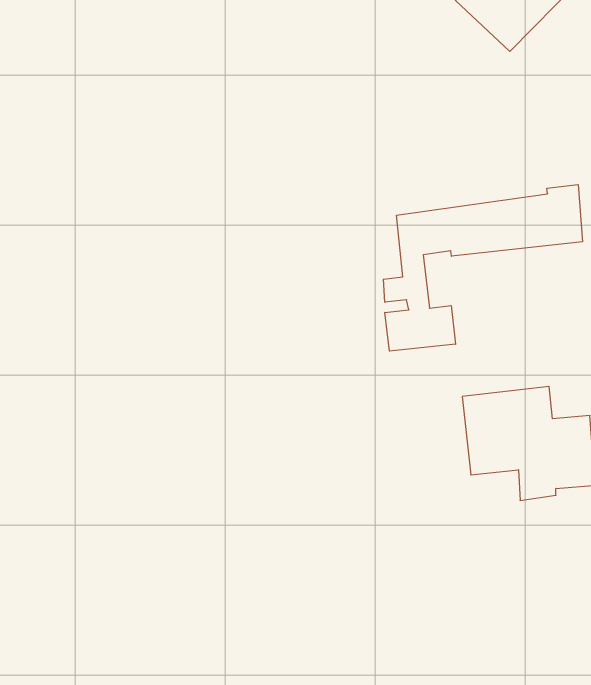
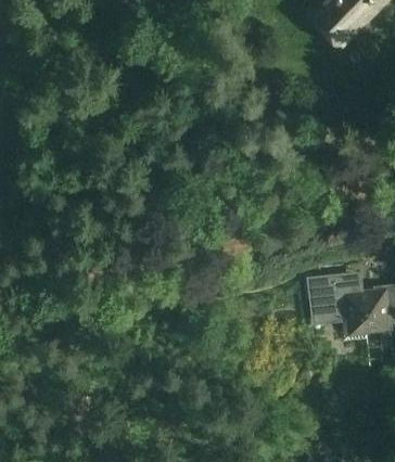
building: [383,185,582,351] -> none

